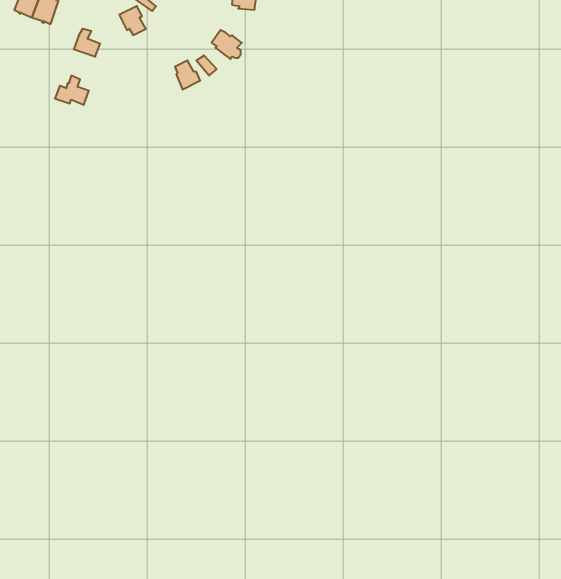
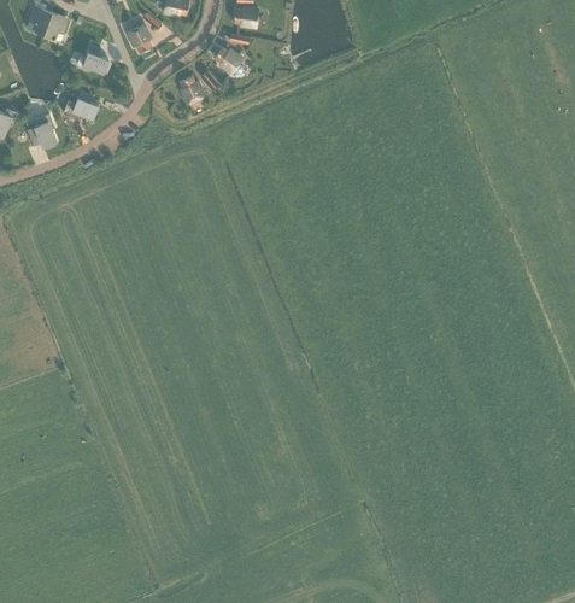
building: none -> [29,111,57,144]

